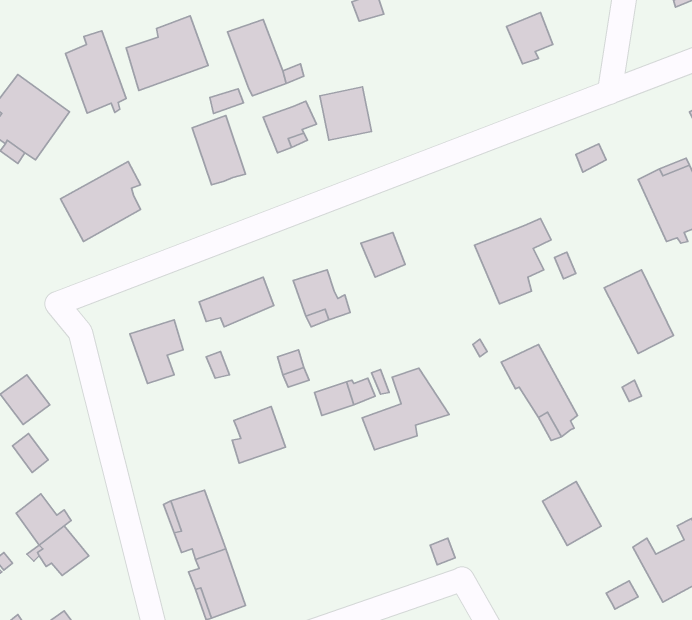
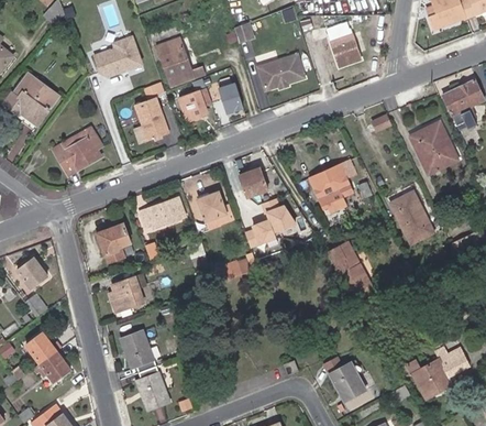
building: [65,31,126,113] -> none
building: none -> [258,56,305,90]
building: [362,368,449,450] -> [243,198,297,249]
building: [232,406,285,463] -> [110,276,143,312]
building: [542,482,601,546] -> [328,361,364,401]

